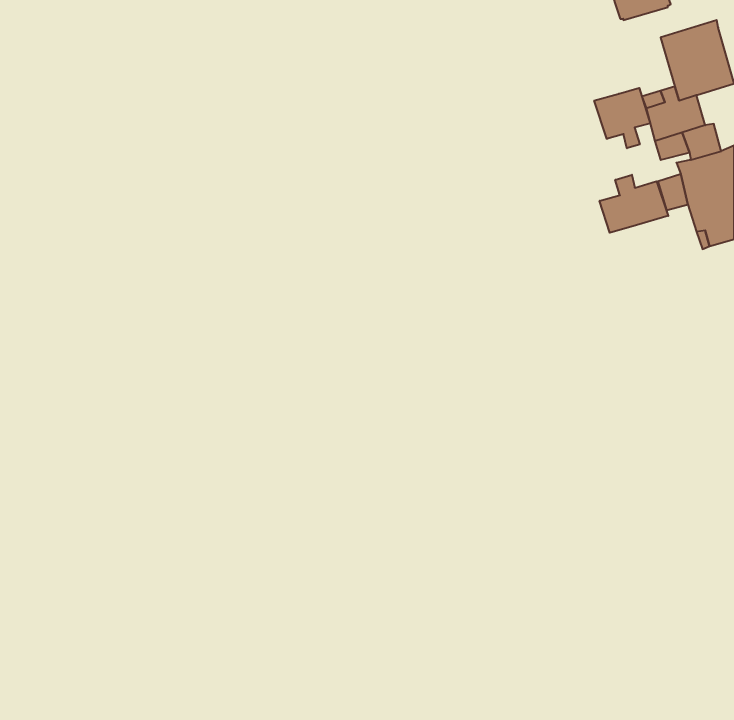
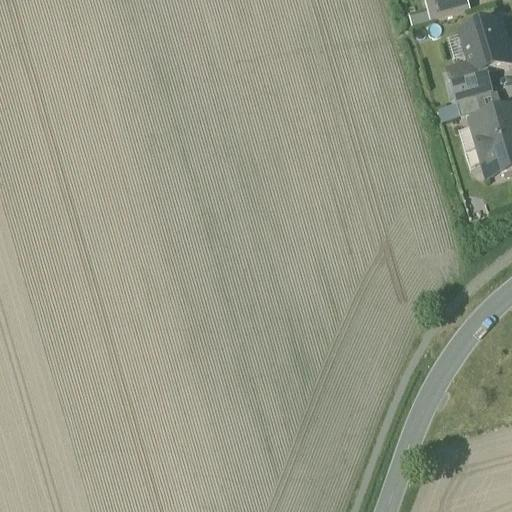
building: [594,88,650,148] -> none
building: [600,175,668,233] -> none

